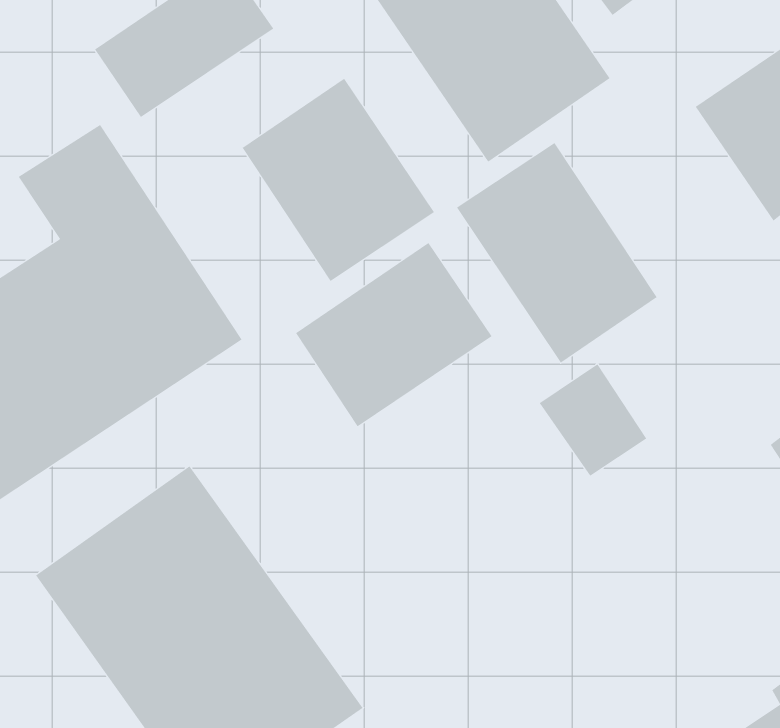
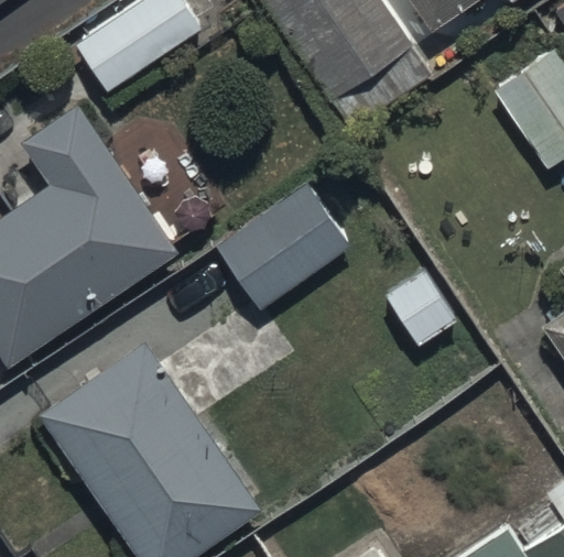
building: [242,78,435,282] -> none
building: [456,142,657,363] -> none

